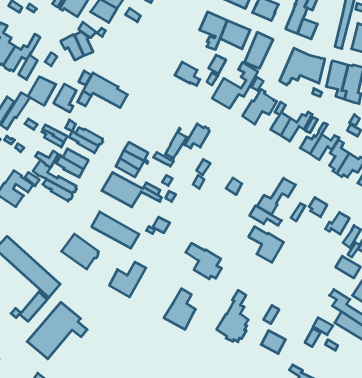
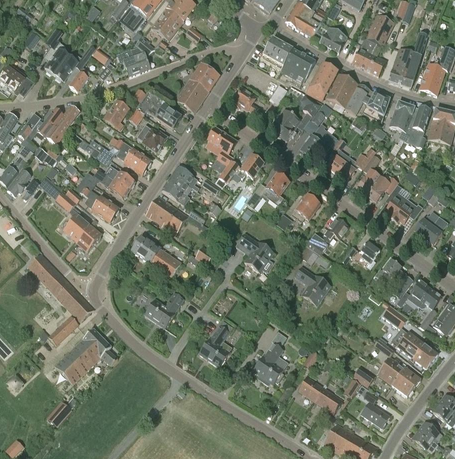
building: none -> [388,47,413,85]
building: none -> [325,72,358,107]
building: none -> [175,62,219,112]
building: [28,77,56,105] -> none
building: none -> [207,127,236,172]
building: none -> [136,124,167,152]
building: none -> [262,173,288,205]
building: none -> [290,194,319,222]
building: [61,234,99,269] -> [62,213,101,251]
building: [186,243,222,279] -> [237,233,273,272]
building: none -> [314,387,342,413]
building: none -> [360,402,389,428]

